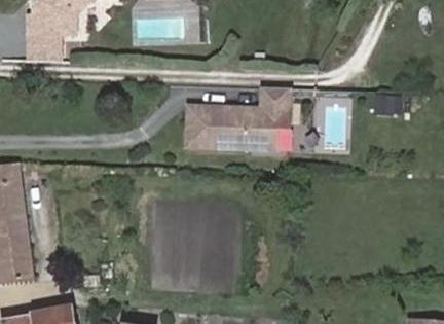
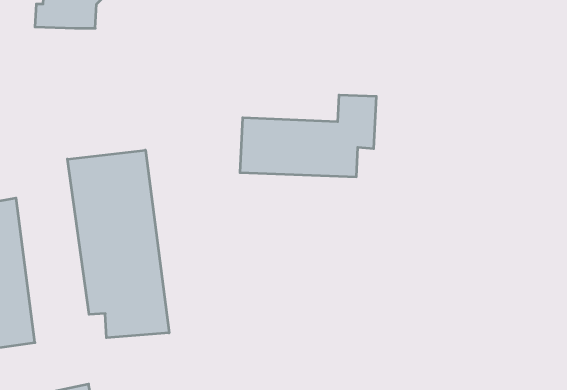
building: [30,31,61,58] -> none
building: none -> [67,150,169,338]

